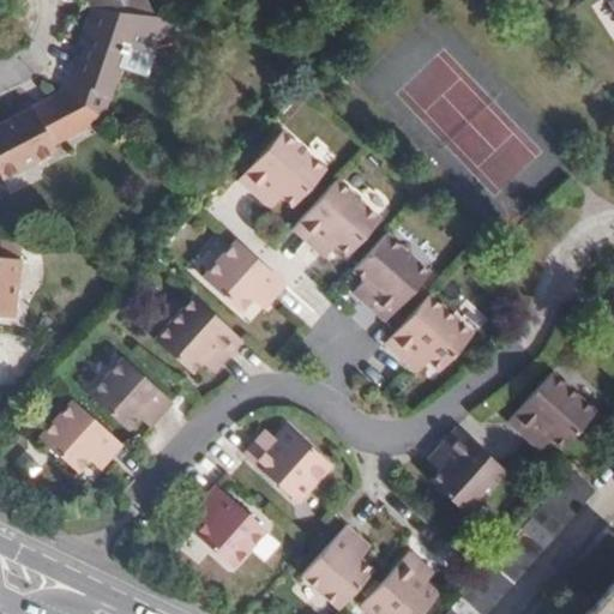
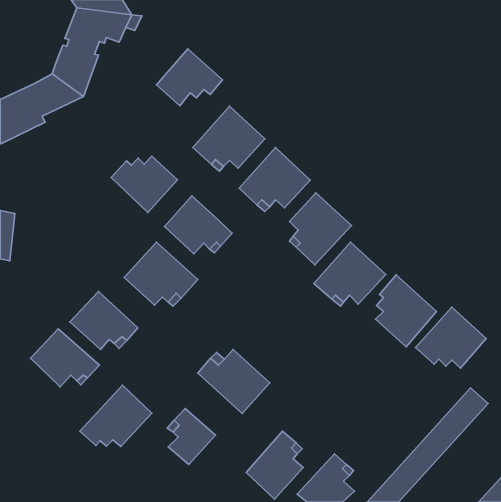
building: none -> [156,49,223,106]
building: none -> [111,156,178,213]
building: [431,428,505,516] -> [376,275,437,347]
building: none -> [80,385,152,446]

